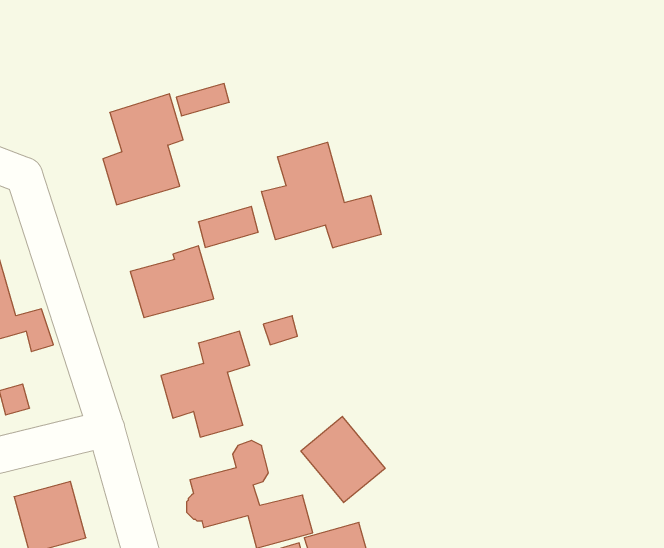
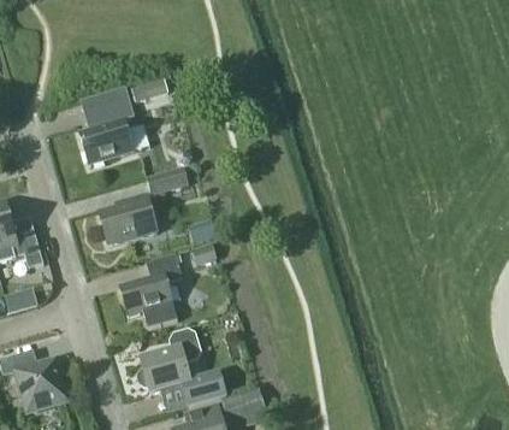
building: [262,142,381,248] -> none
building: [301,416,385,503] -> none

